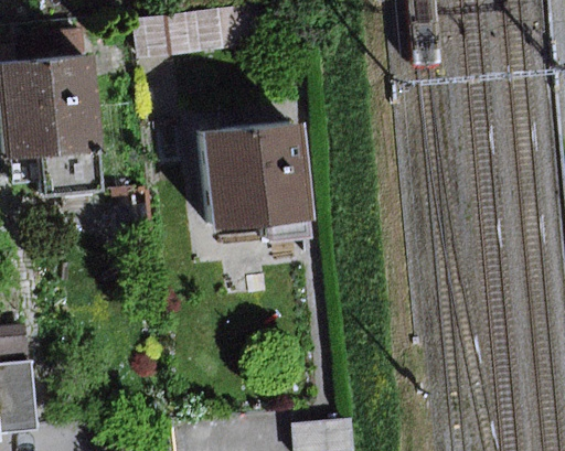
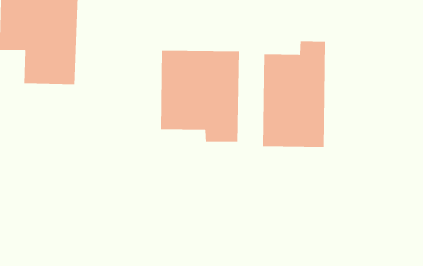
building: none -> [262,40,326,148]

